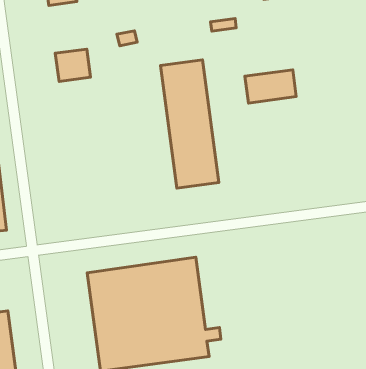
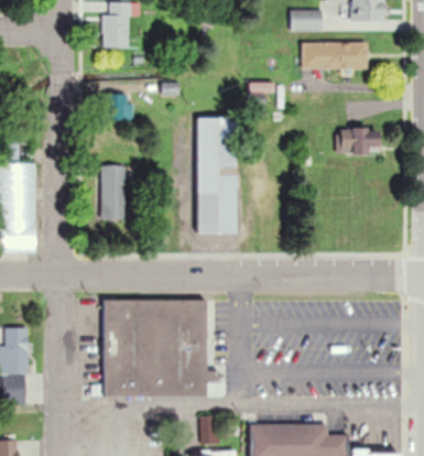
building: [245,70,296,103] -> [336,129,381,154]
building: none -> [100,165,126,220]

